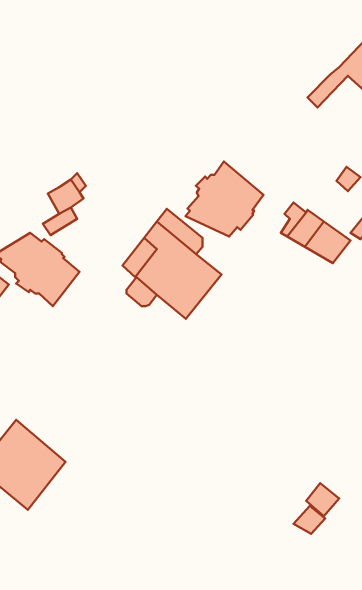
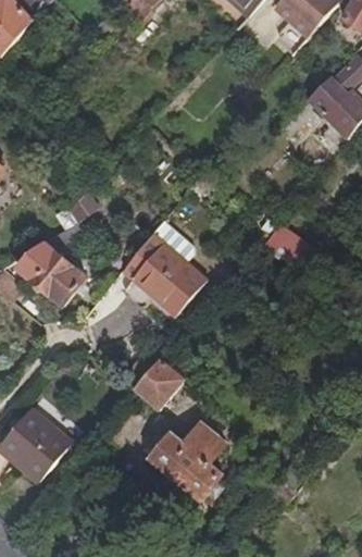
building: [185,161,263,237] -> none
building: none -> [134,358,184,410]
building: none -> [145,421,223,498]

